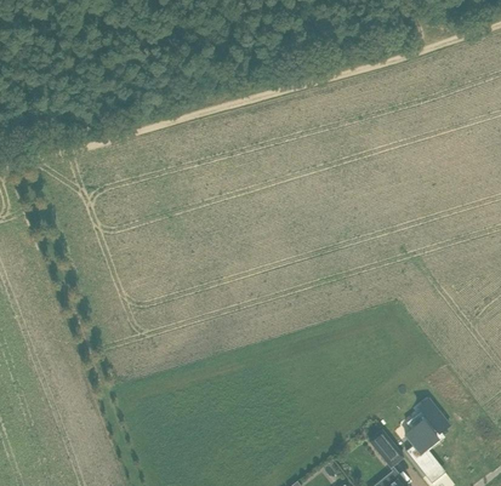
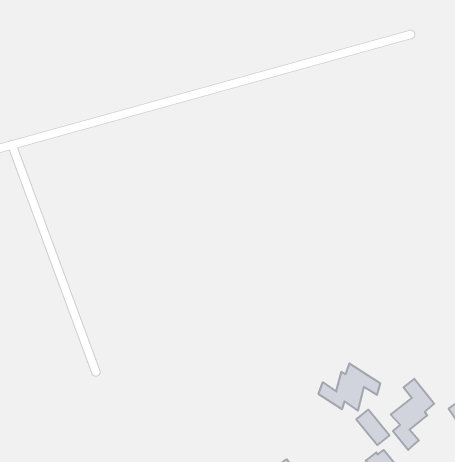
building: none -> [319,363,380,411]

